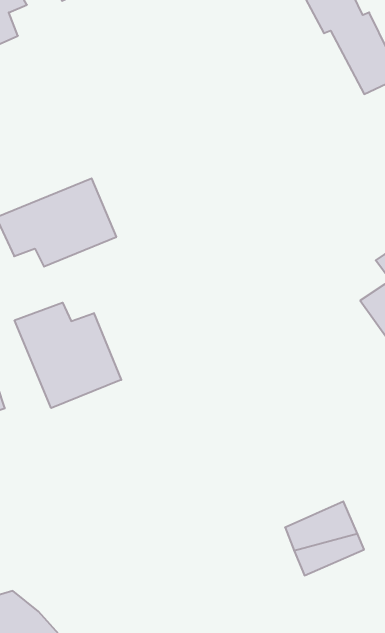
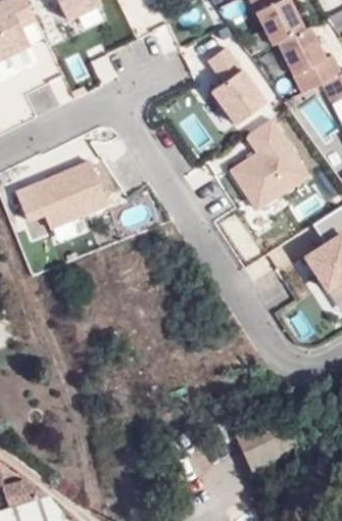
building: none -> [206,48,265,123]
building: none -> [232,123,309,209]
building: [15,303,121,408] -> none

